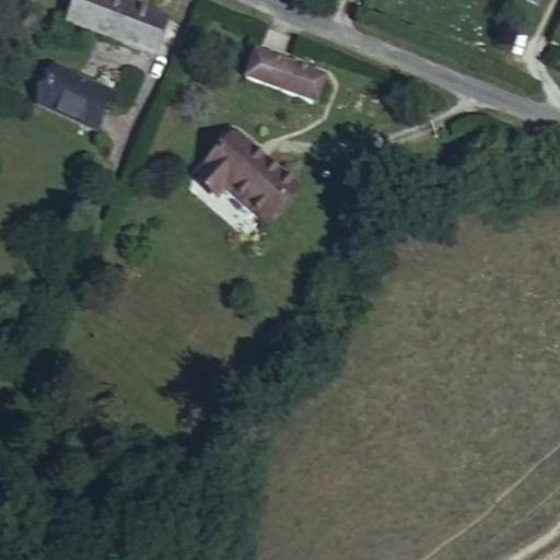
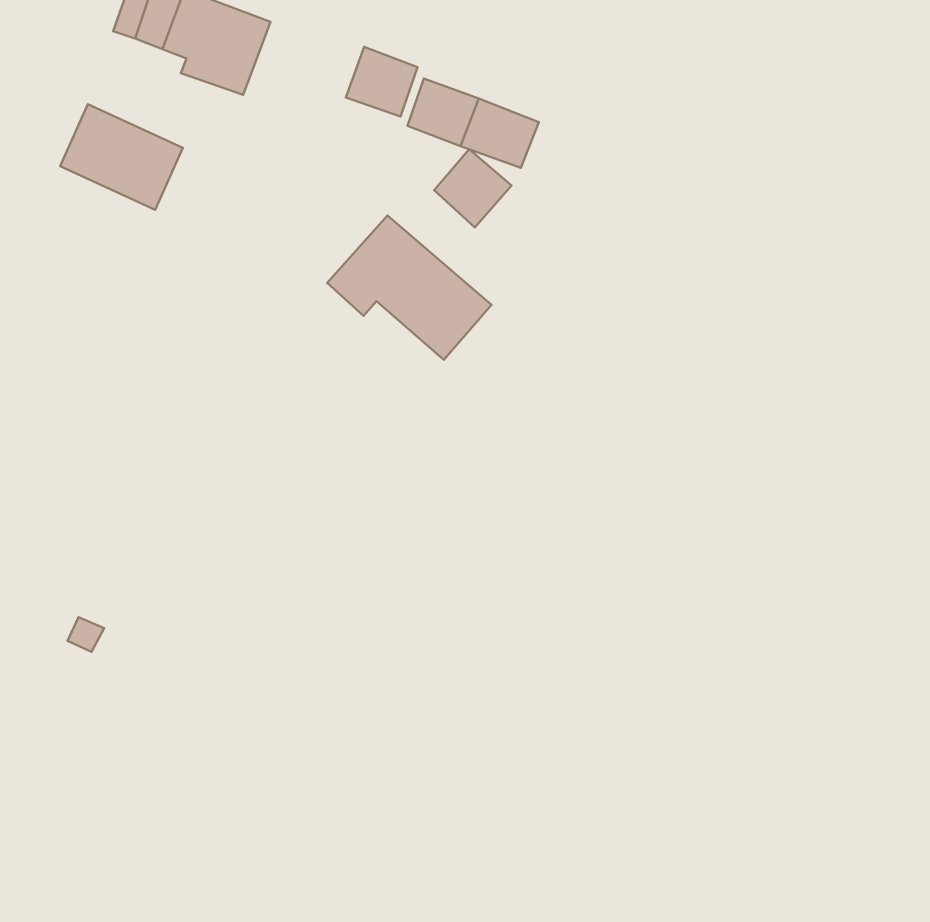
building: none -> [346,47,418,117]
building: none -> [434,149,512,228]

